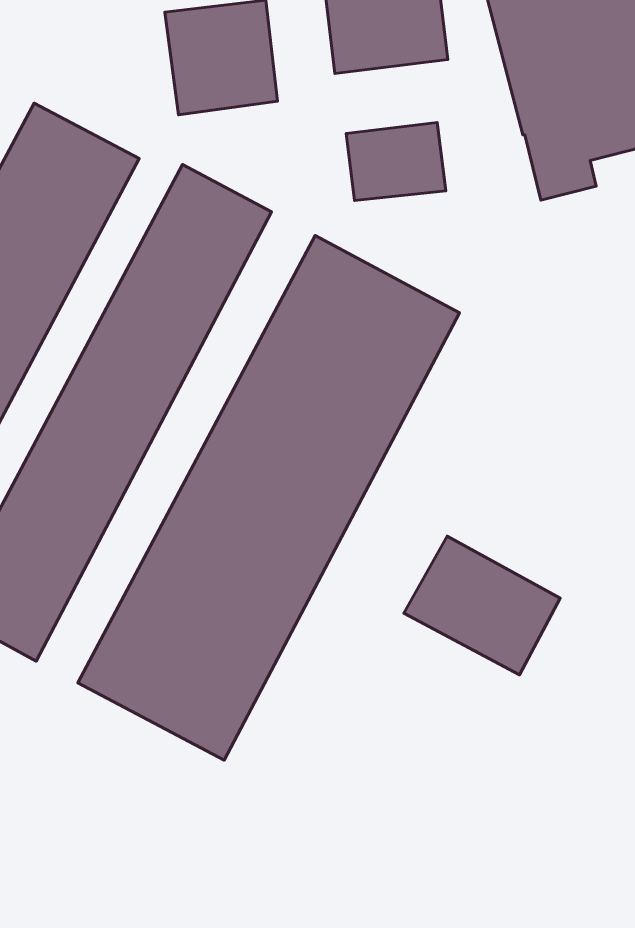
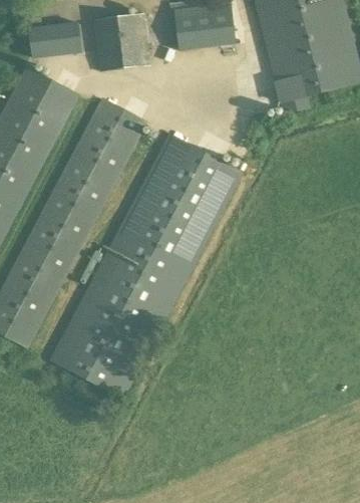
building: none -> [29,21,83,58]
building: [346,122,446,201] -> none
building: [404,536,560,675] -> none

